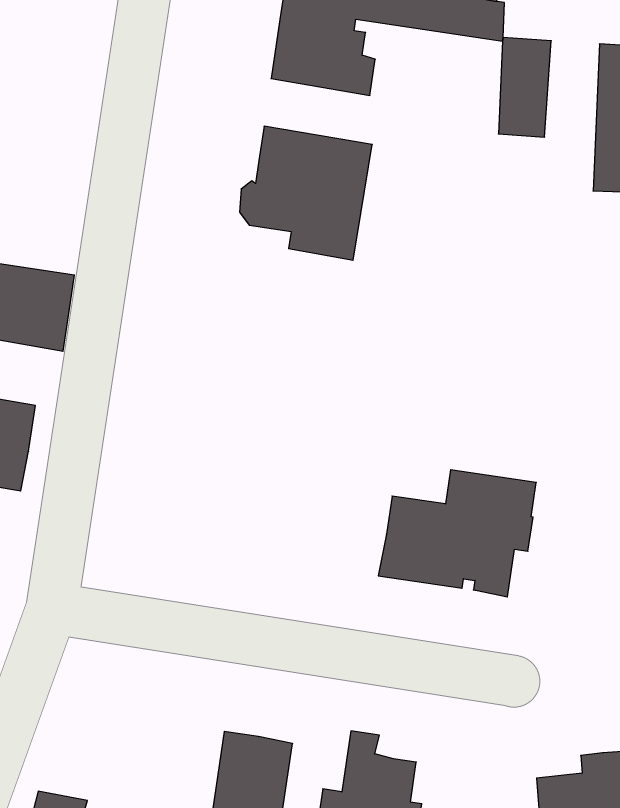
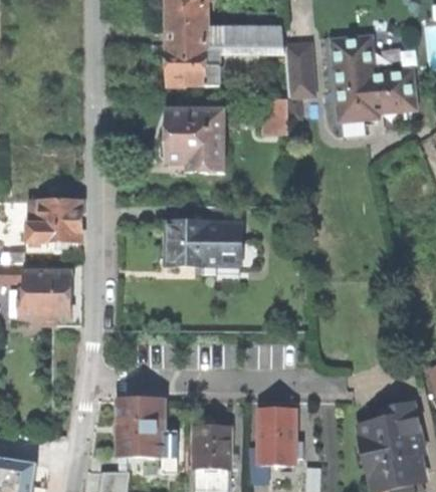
building: none -> [265,96,295,133]
building: [378,470,536,597] -> [165,205,240,266]
building: none -> [118,400,176,456]

